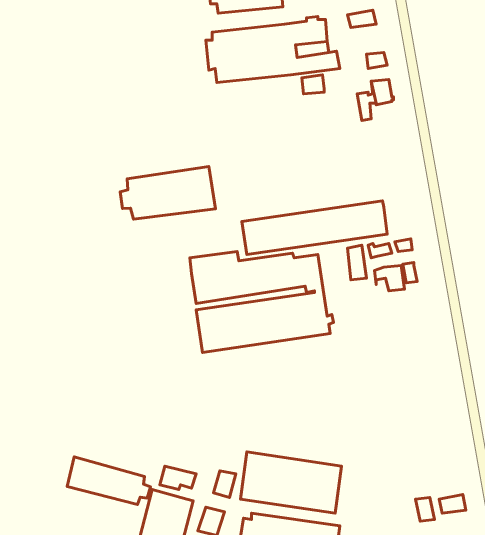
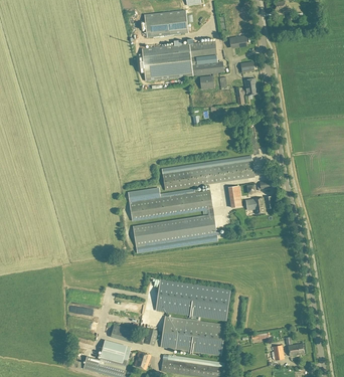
building: [120,167,215,219] -> none
building: none -> [155,279,229,320]
building: [67,457,150,505] -> none

